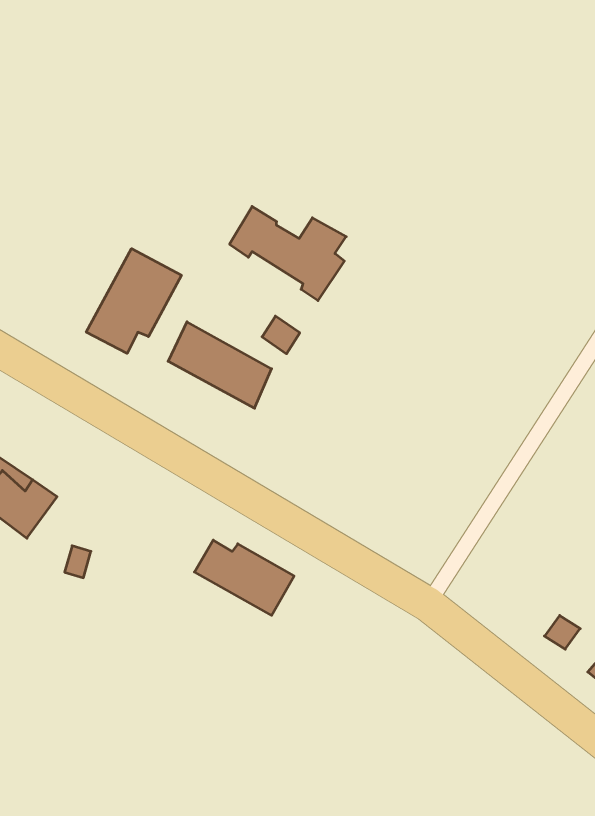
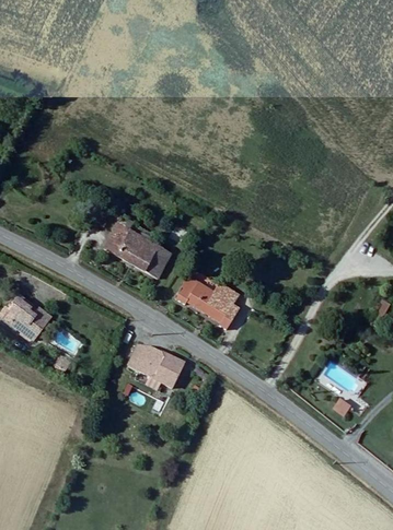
building: [230,206,346,301] -> [176,270,244,325]
building: [86,249,181,353] -> none

